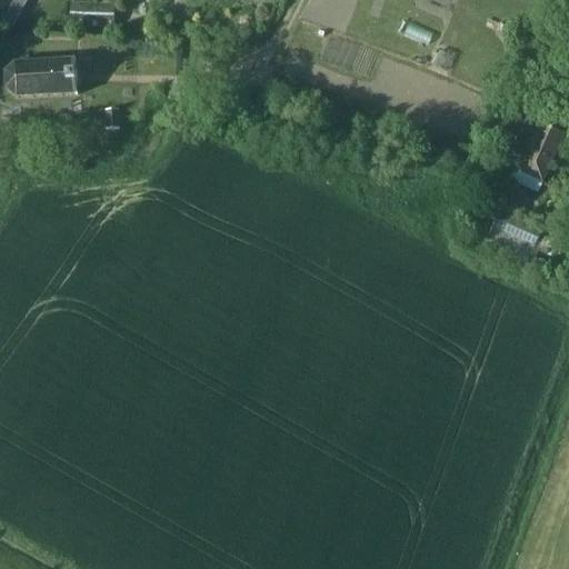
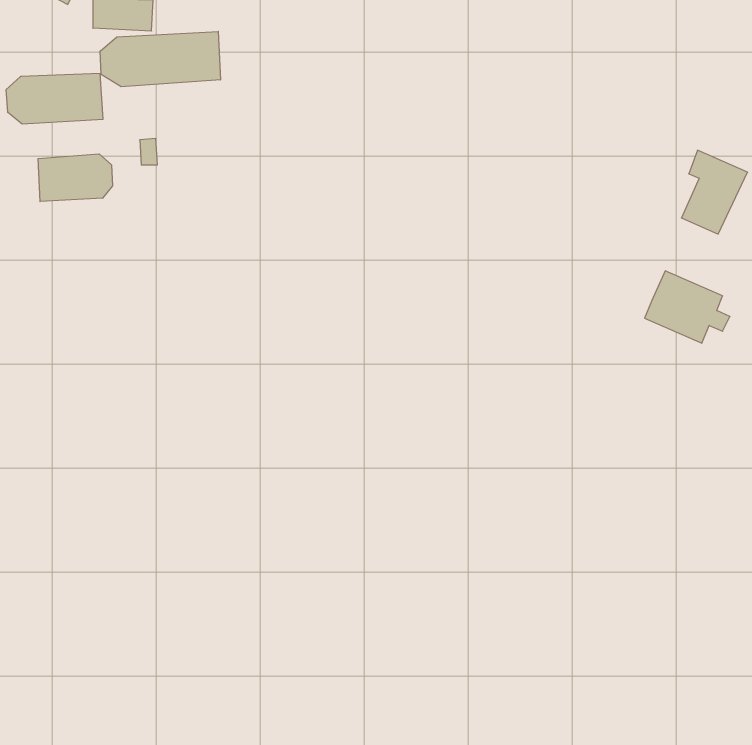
building: none -> [100,31,220,87]
building: none -> [38,154,113,202]

